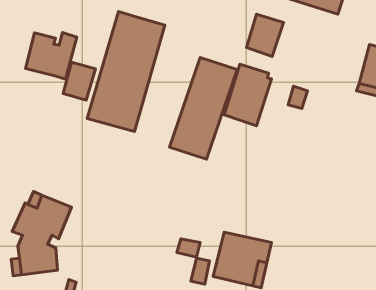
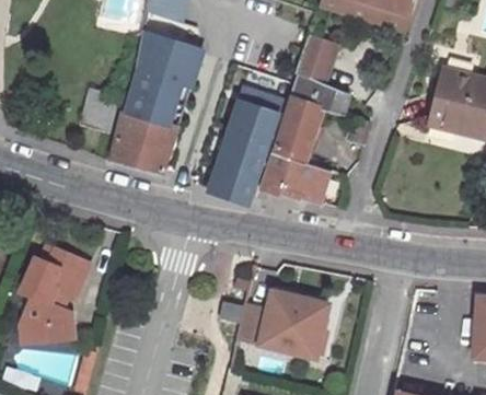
building: [26,32,77,79] -> none
building: none -> [289,73,351,116]
building: none -> [261,153,331,205]

